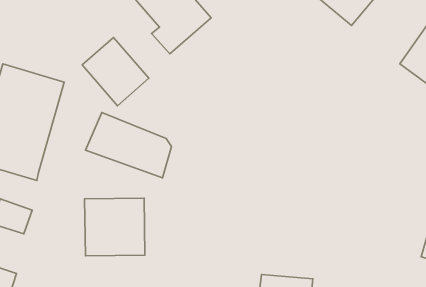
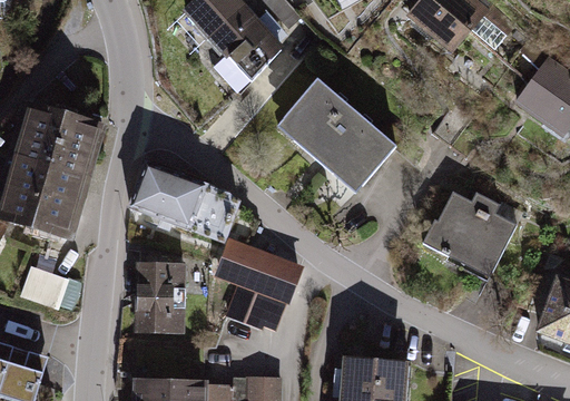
building: [82,37,149,106] -> none
building: none -> [276,78,396,192]
building: none -> [425,192,521,278]
building: none -> [218,243,301,334]

